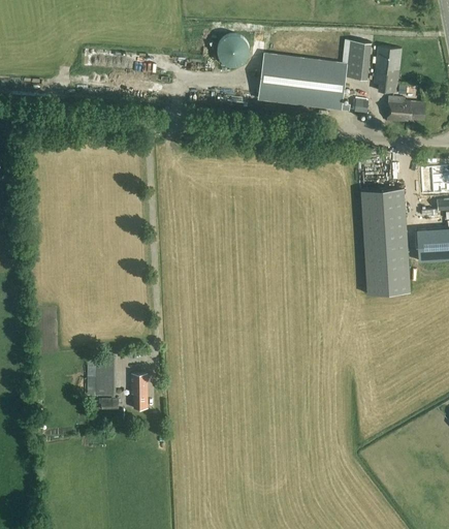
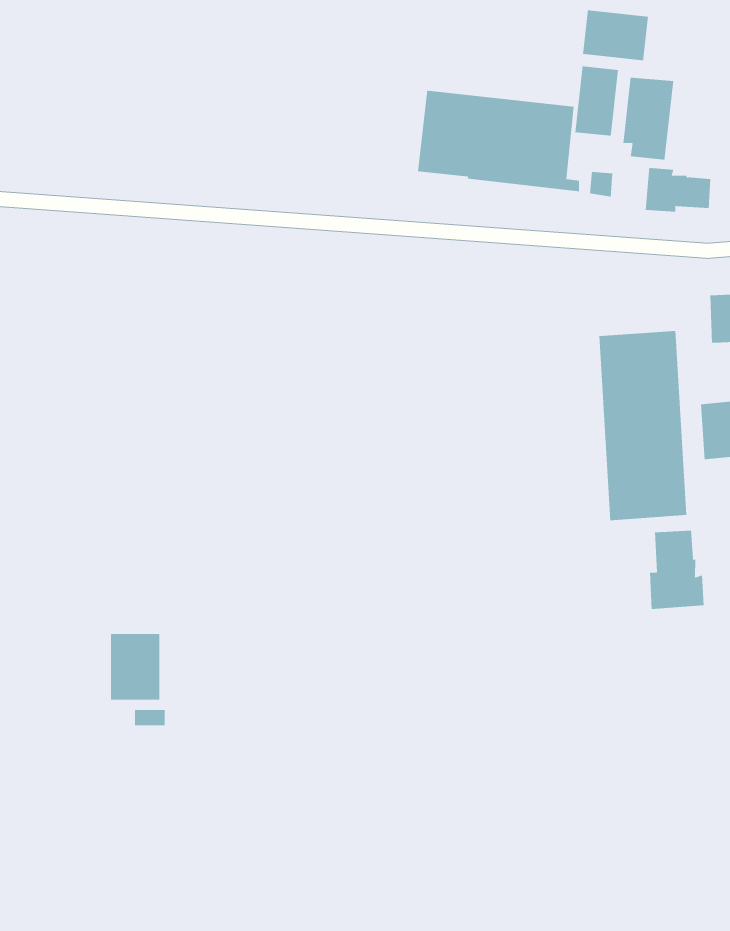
building: none -> [582,9,648,61]
building: [217,34,250,67] -> none
building: none -> [649,530,704,610]
building: [131,374,147,409] -> none

